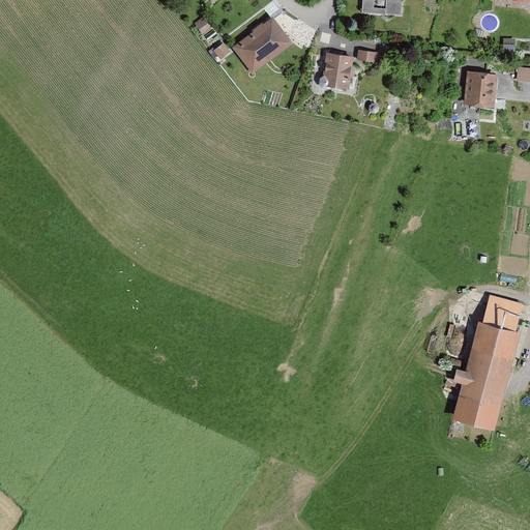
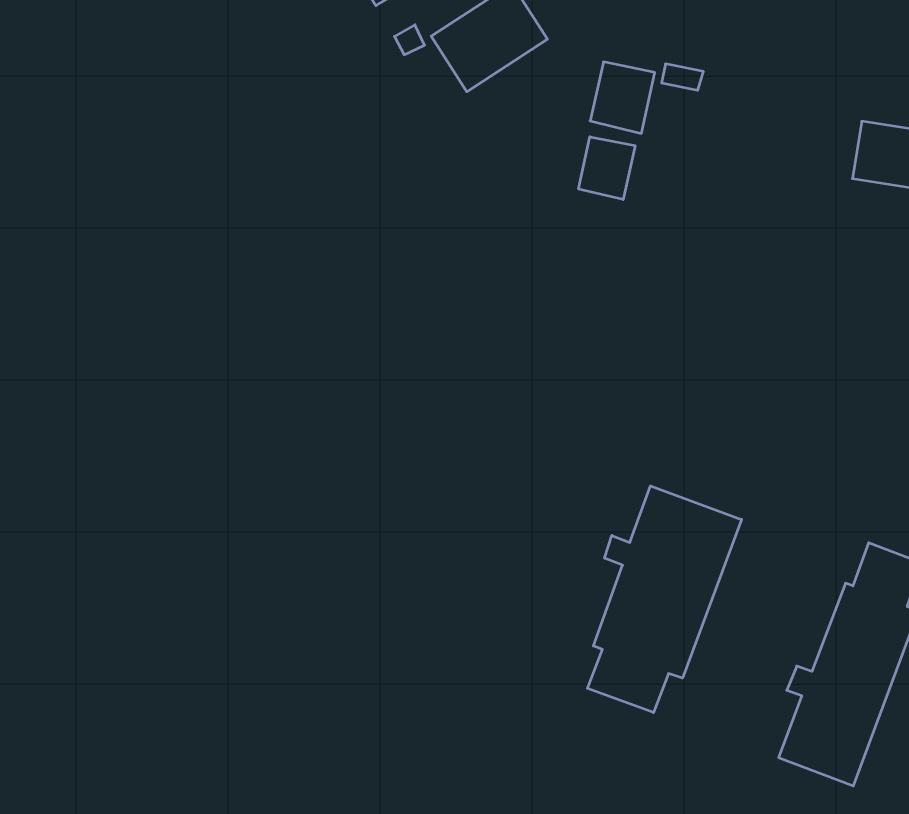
building: none -> [579,137,635,200]
building: none -> [587,486,742,713]

